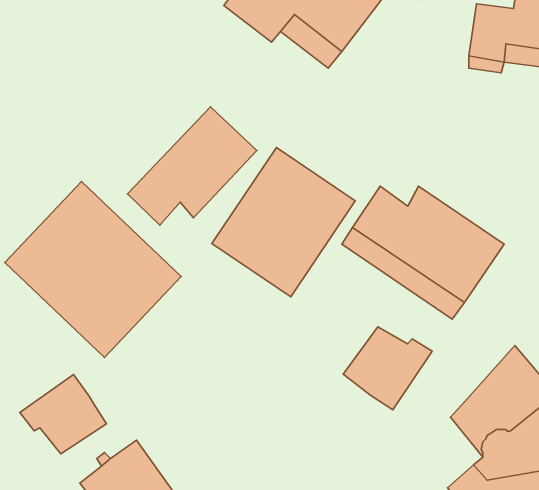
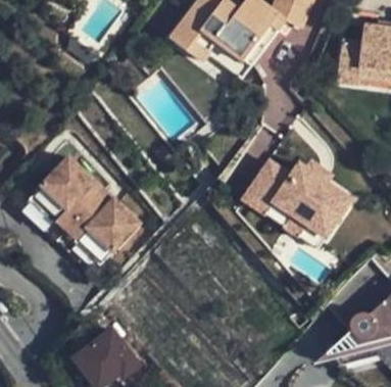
building: [127,107,257,225] -> none
building: [212,147,355,297] -> none
building: [343,327,432,410] -> none
building: [20,374,106,454] -> none

